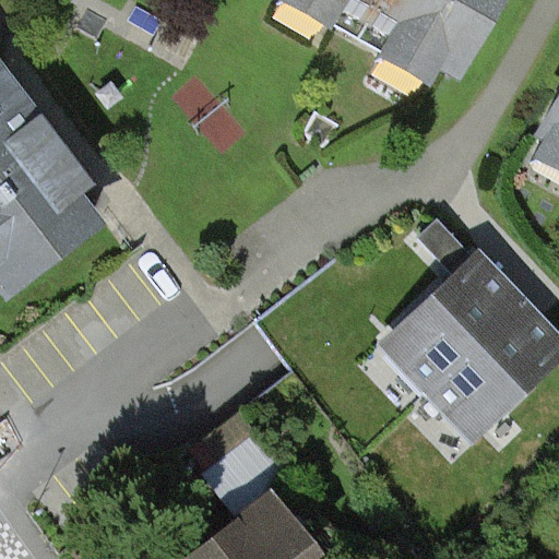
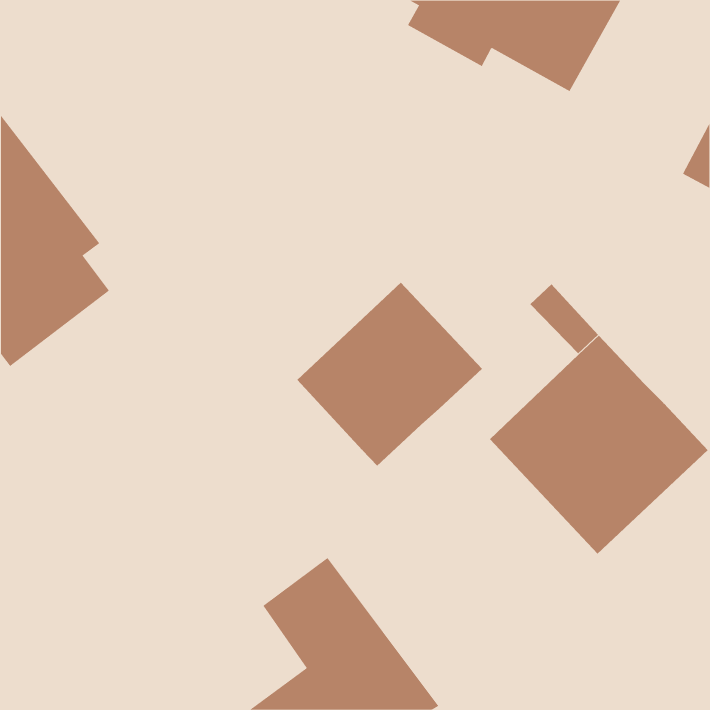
building: none -> [297,282,483,467]

